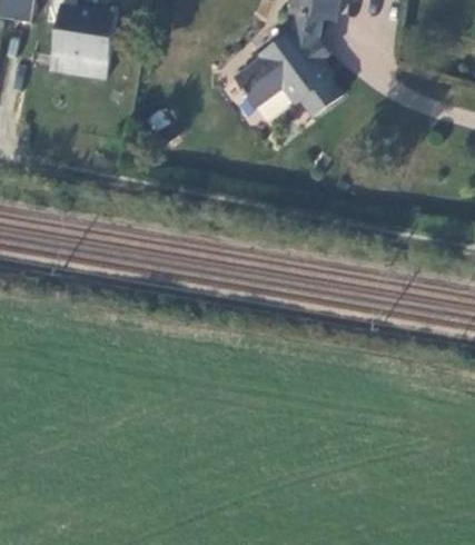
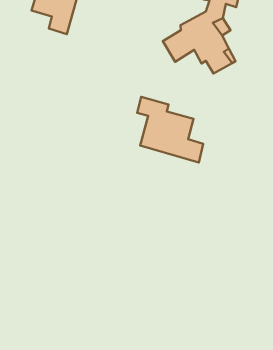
building: none -> [137,97,203,162]

